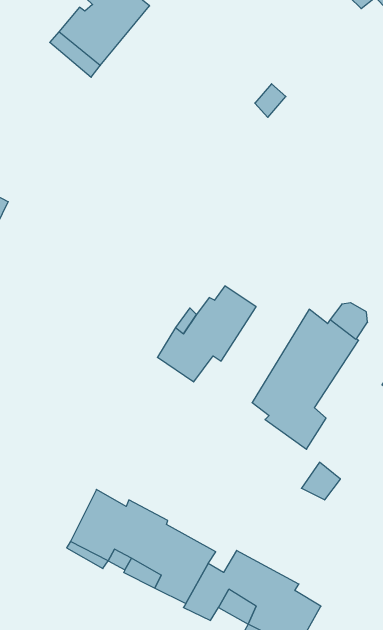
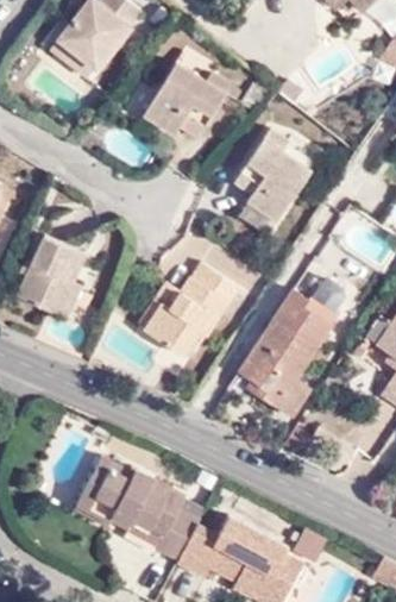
building: none -> [143,61,232,137]
building: none -> [235,132,313,225]
building: none -> [18,236,83,316]

